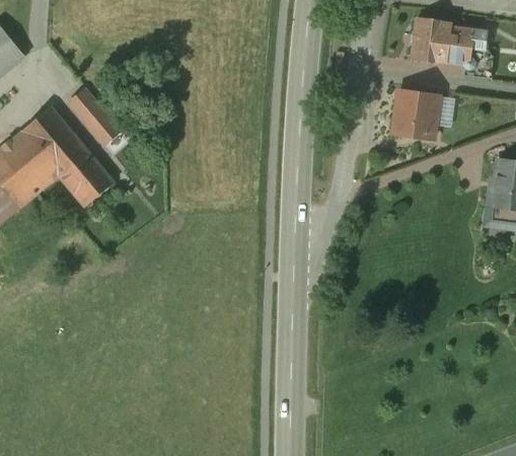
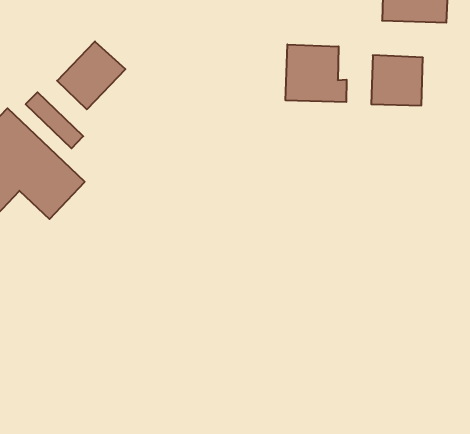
building: none -> [57,41,125,109]
building: none -> [286,44,347,102]

